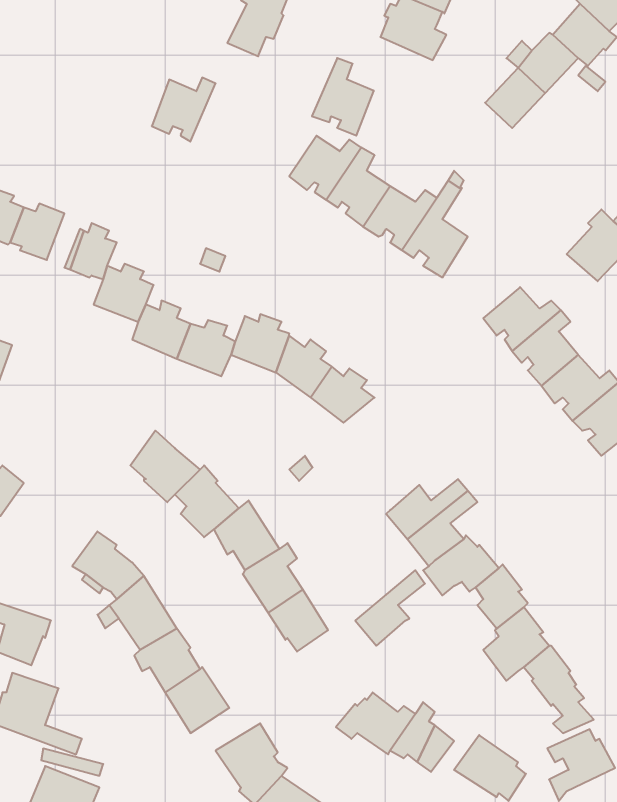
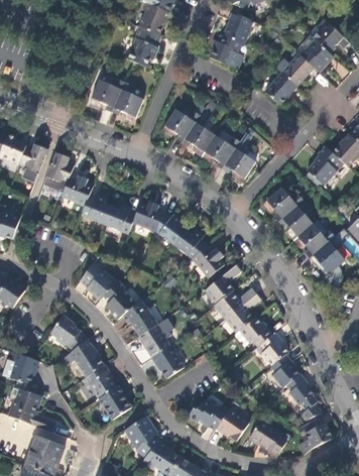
building: [312,58,374,136] -> [111,81,143,121]
building: none -> [191,244,223,277]
building: [355,570,425,646] -> [204,263,240,303]

